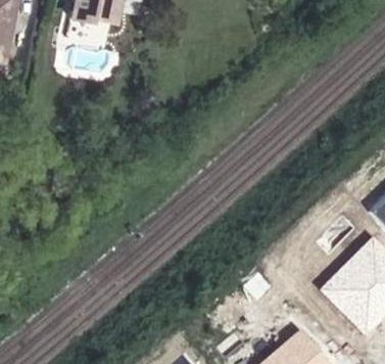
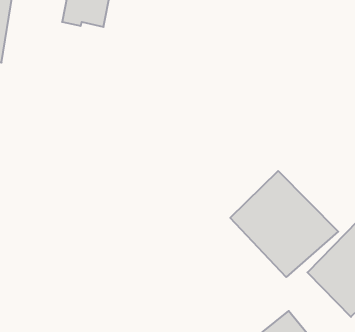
building: none -> [230,171,338,277]

